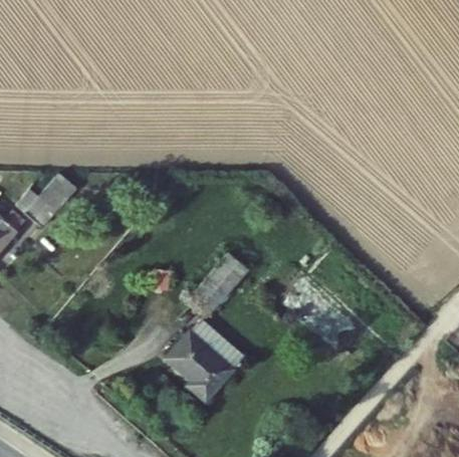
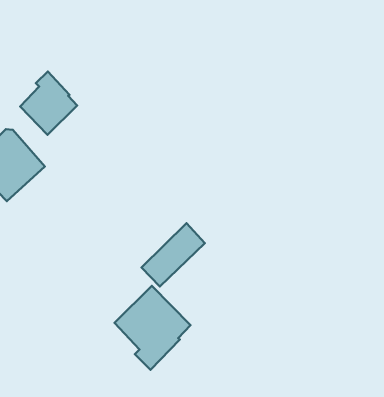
building: none -> [20,71,77,135]

